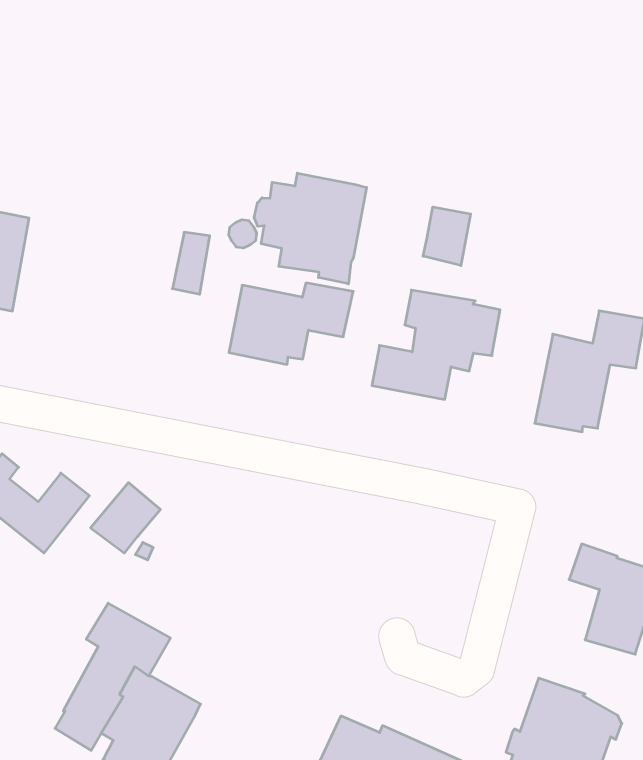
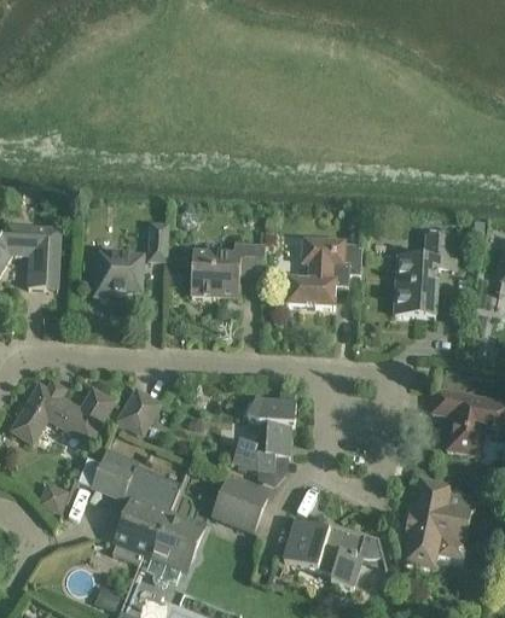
building: [254,173,367,284] -> none
building: [423,207,471,266] -> none
building: none -> [93,252,143,297]
building: none -> [232,391,295,471]
building: none -> [79,456,134,499]
building: none -> [211,479,267,531]

